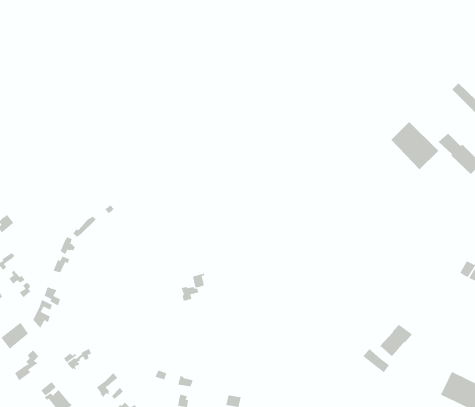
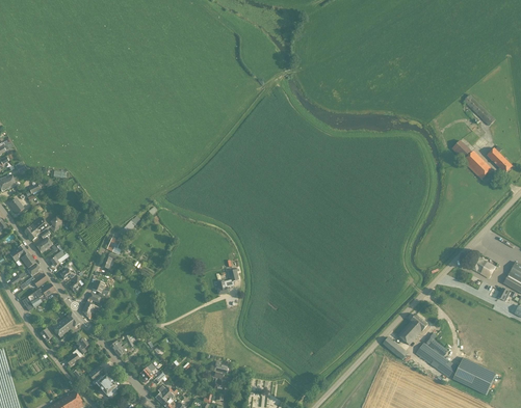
building: [390,121,439,170] -> none
building: none -> [415,335,457,377]

